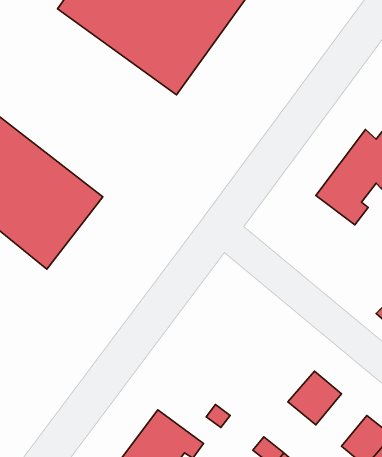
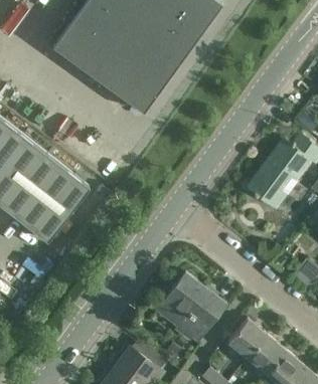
building: none -> [155,271,225,342]
building: none -> [248,335,286,374]

